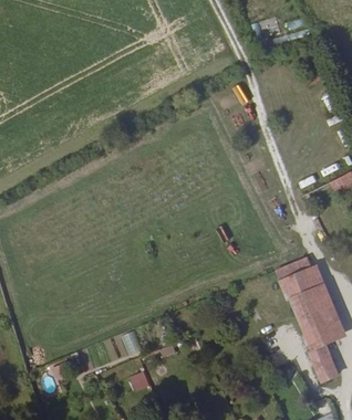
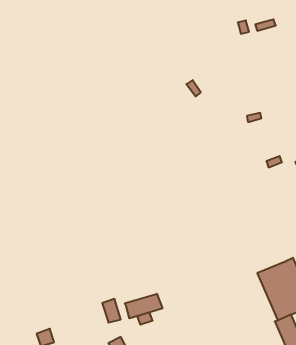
building: [276,262,319,304] -> none
building: none -> [125,294,162,318]

